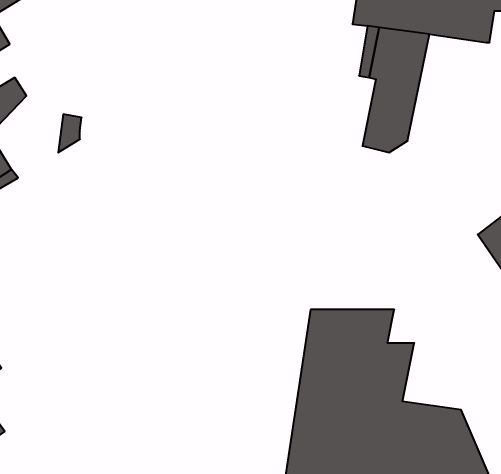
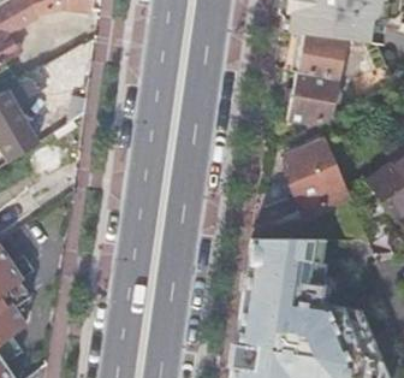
building: none -> [289,138,368,237]

